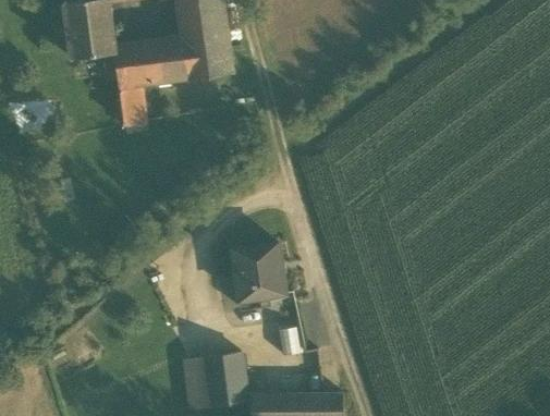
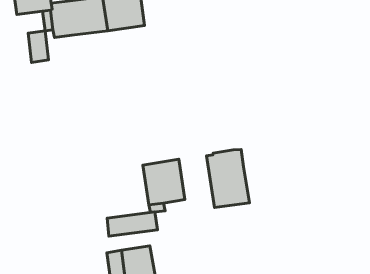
building: [119,85,145,125] -> [28,31,49,62]
building: none -> [207,149,250,208]
building: none -> [107,212,157,236]

